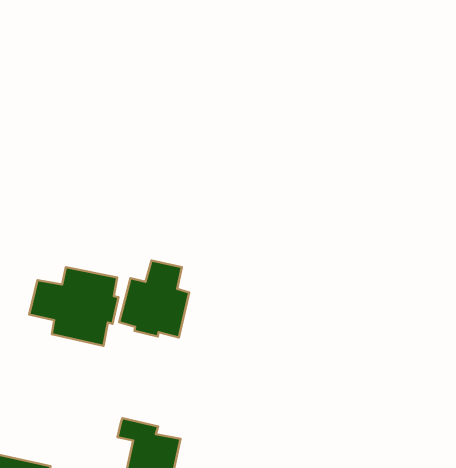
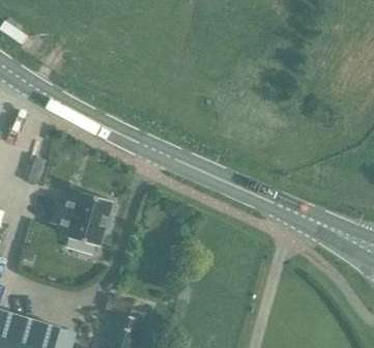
building: [119,261,189,338] -> none

